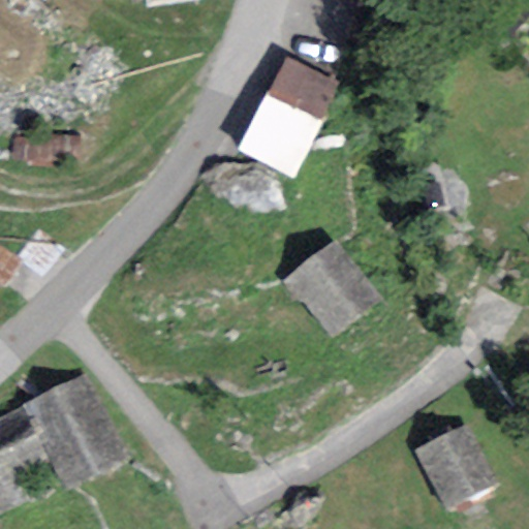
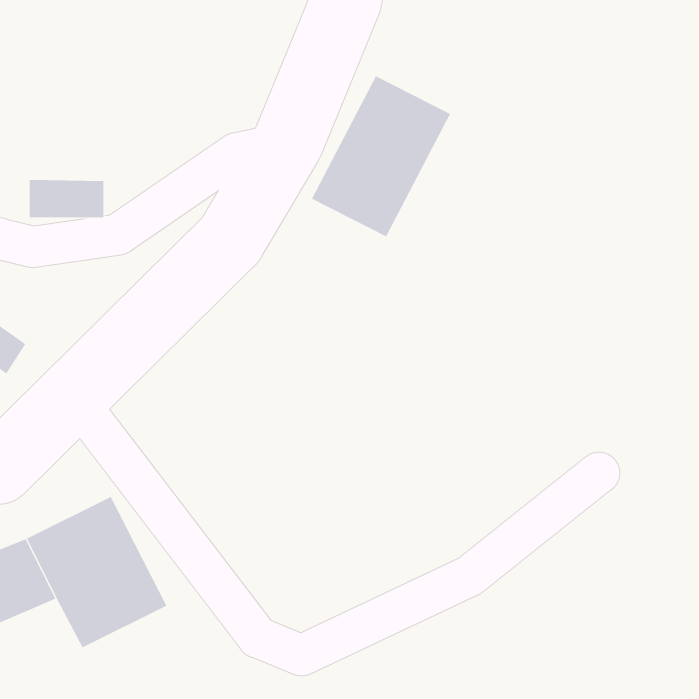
building: [285,241,379,336] -> none
building: [416,425,497,509] -> none

